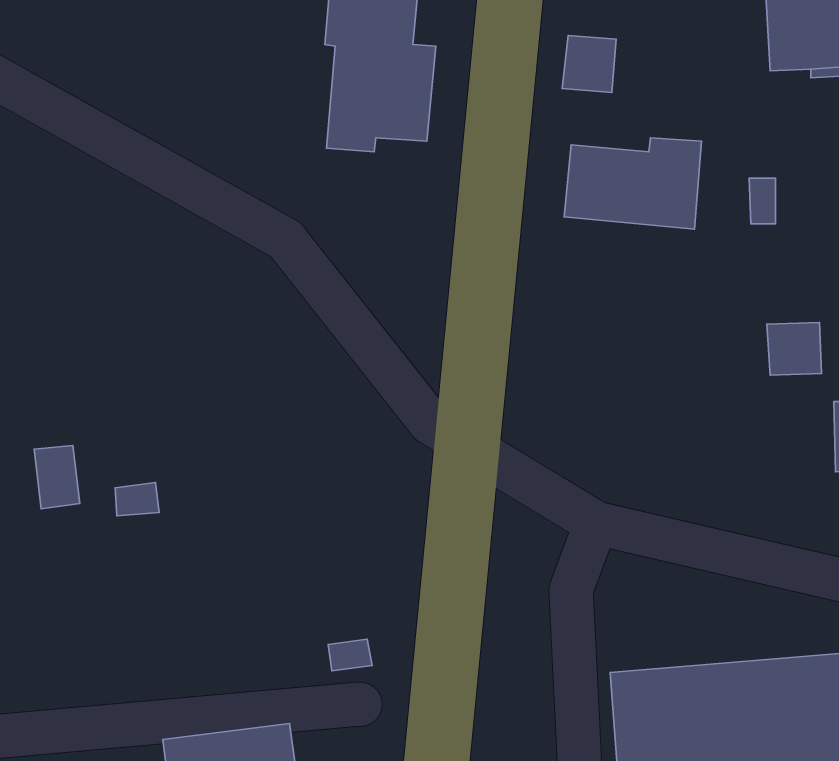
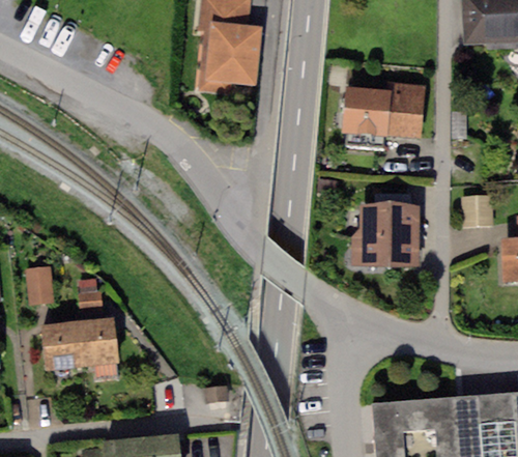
building: [562,35,616,92] -> none
building: none -> [349,203,422,267]
building: none -> [52,324,123,368]

